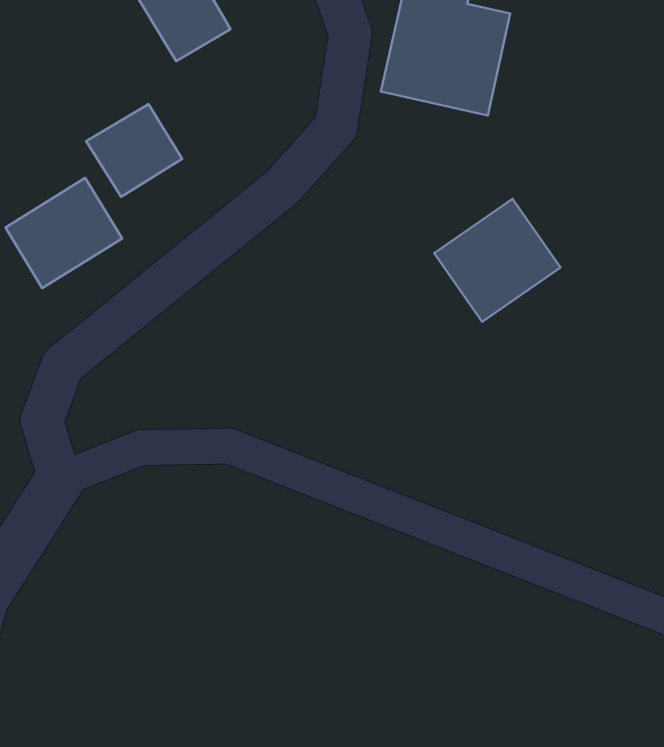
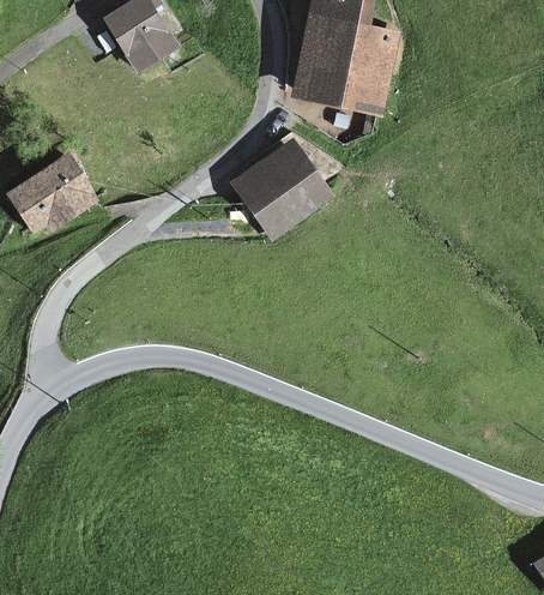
building: [86,104,182,197] -> none
building: [434,199,560,322] -> [230,144,325,236]

